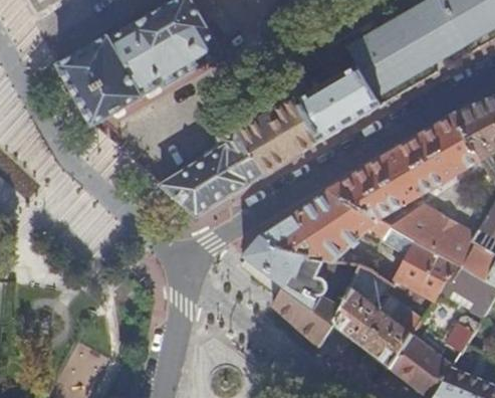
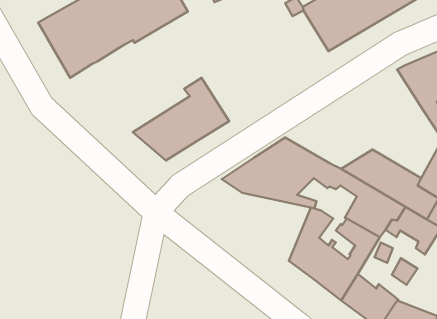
building: [231,58,381,172] -> none
building: [328,116,479,218] -> none
building: [243,235,356,346] -> none

